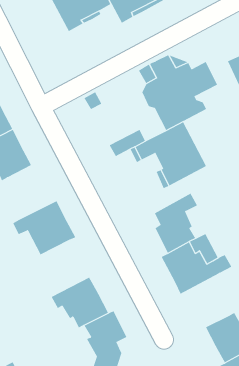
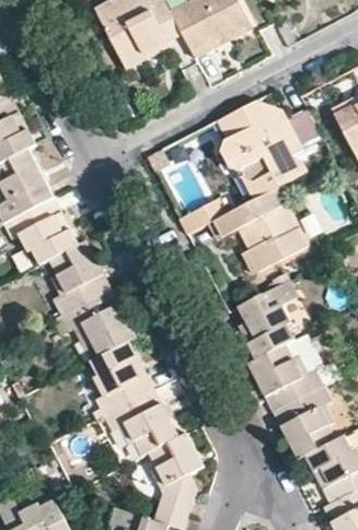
building: none -> [46,239,111,315]
building: none -> [89,341,153,415]
building: none -> [272,385,335,459]

